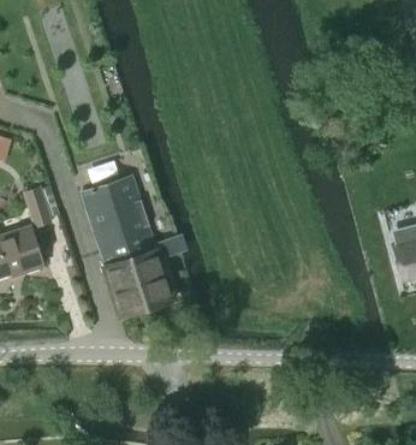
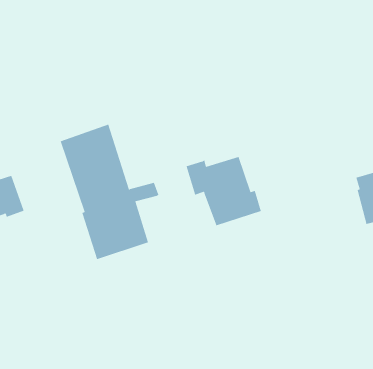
building: [24,186,59,229] -> none
building: none -> [186,156,262,226]

